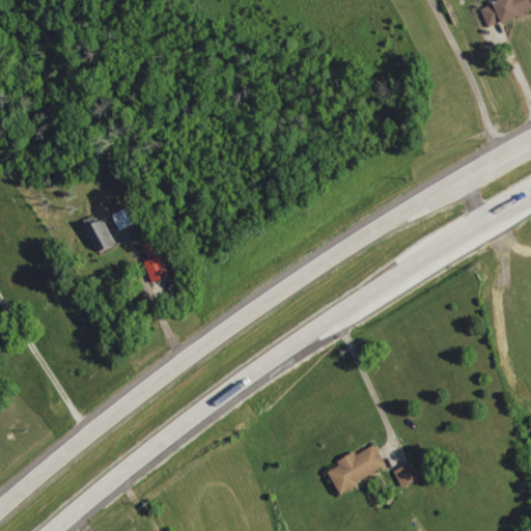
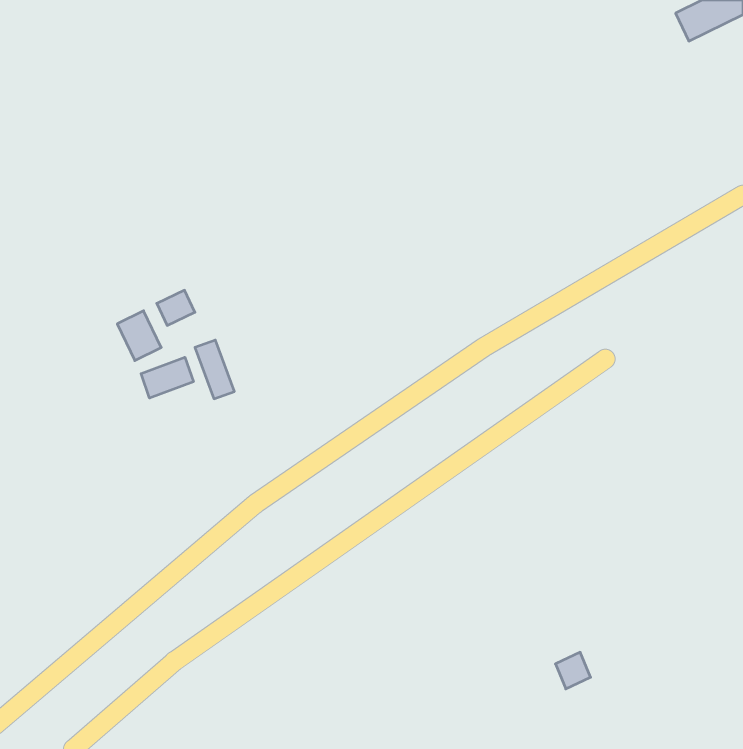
building: none -> [141,357,193,398]
building: [328,443,386,491] -> none

